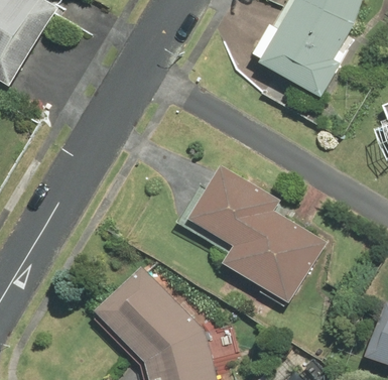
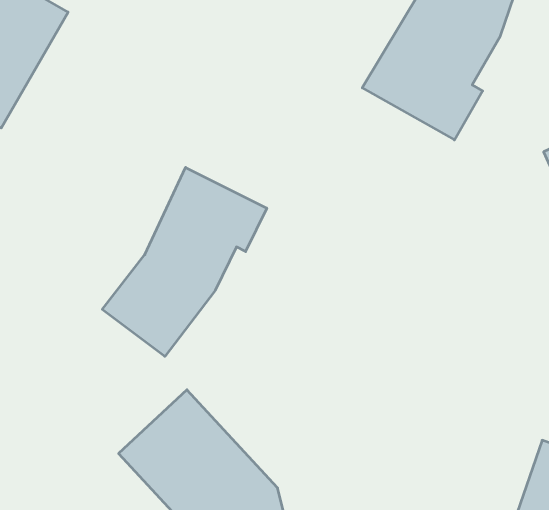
building: none -> [102,167,267,356]
building: [191,164,322,299] -> none

